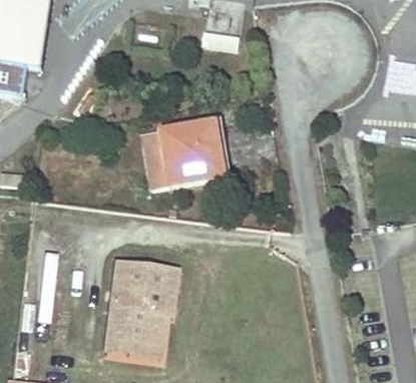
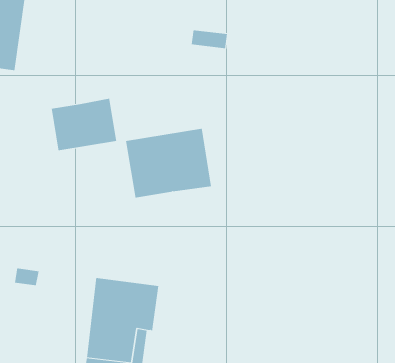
building: none -> [51,98,117,151]

